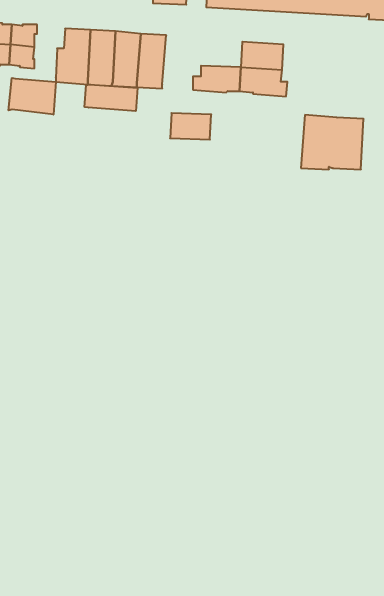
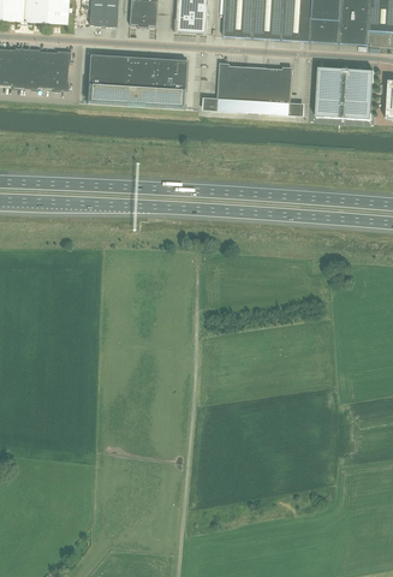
building: [9,78,56,115] -> none
building: [85,84,137,111] -> none
building: [170,113,211,140] -> [218,65,255,89]
building: [301,115,364,169] -> [315,67,371,117]

